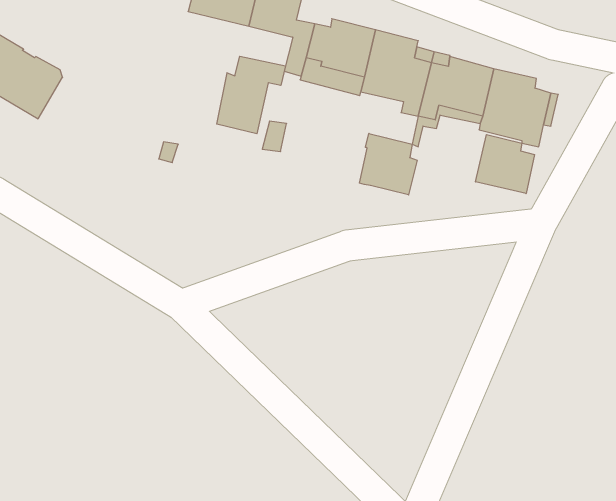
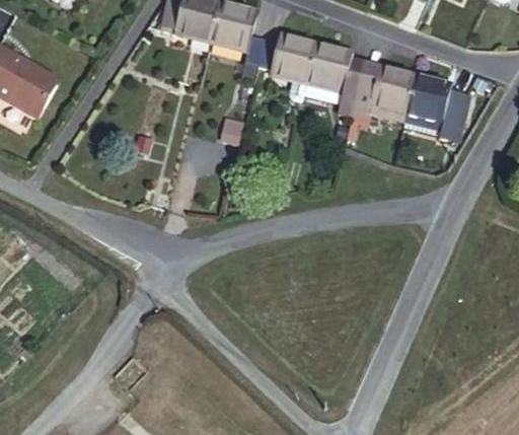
building: [217,56,286,134] -> none
building: [359,133,417,195] -> none
building: [476,135,535,194] -> none

